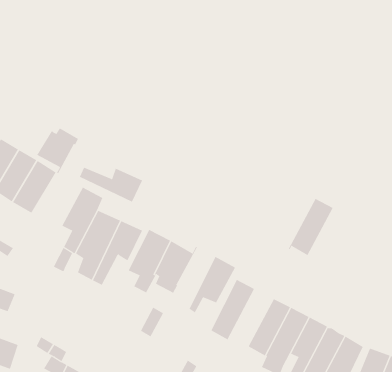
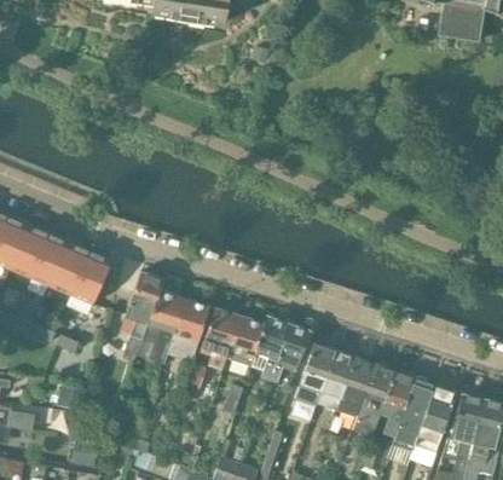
building: [36,128,79,174] -> none
building: [79,167,143,202] -> none
building: [288,198,334,256] -> [313,349,354,410]
building: none -> [253,314,288,380]

